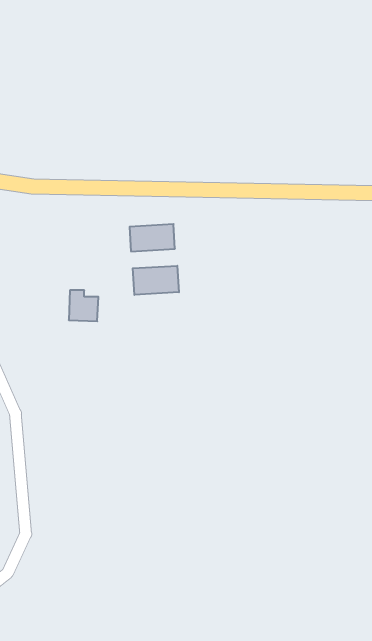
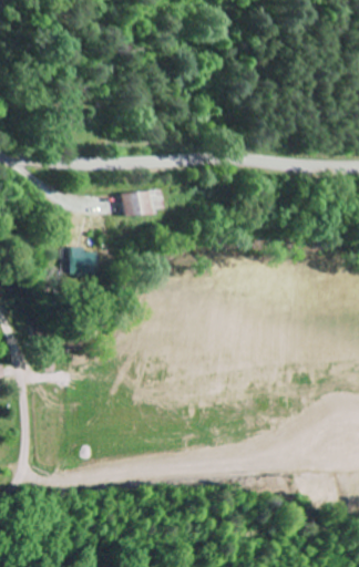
building: [133,266,179,295] -> none

